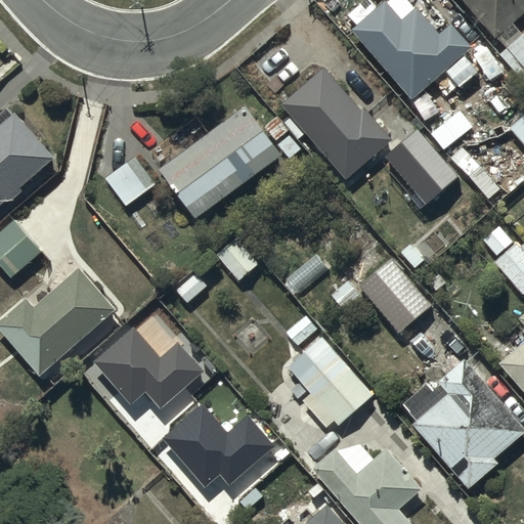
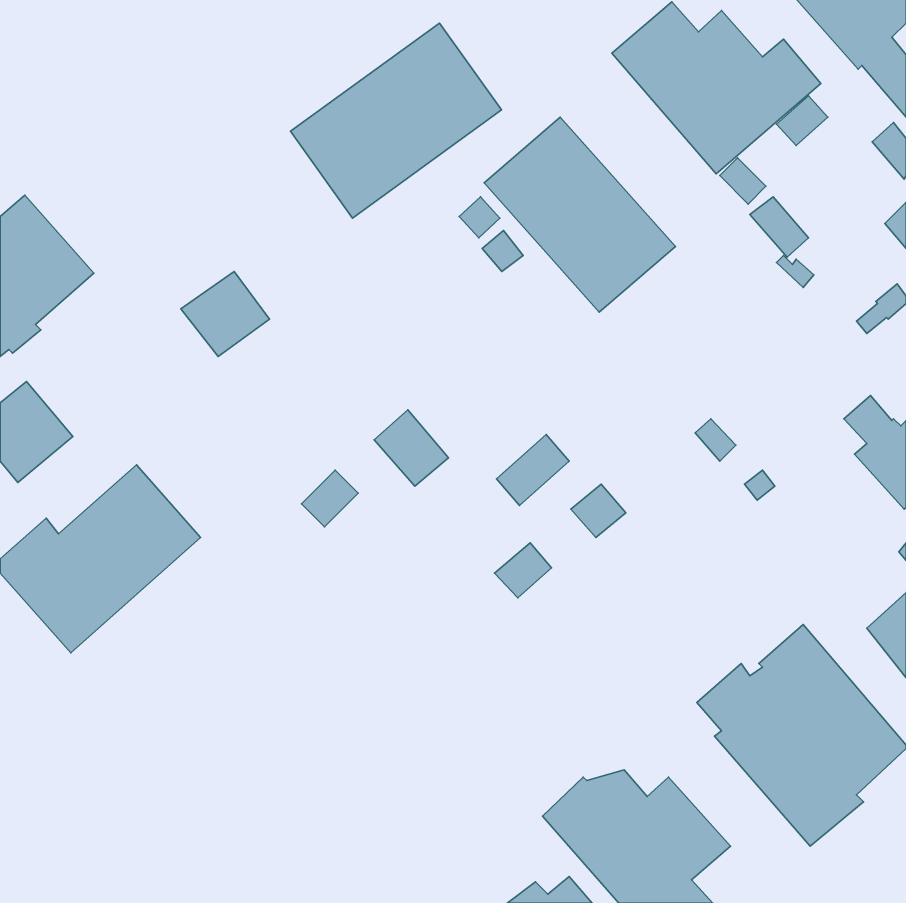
building: [160,107,281,220] -> [290,23,501,218]
building: [385,126,458,202] -> none
building: [357,257,433,335] -> none
building: [93,325,204,406] -> none
building: [283,332,375,429] -> none
building: [163,401,274,485] -> none

